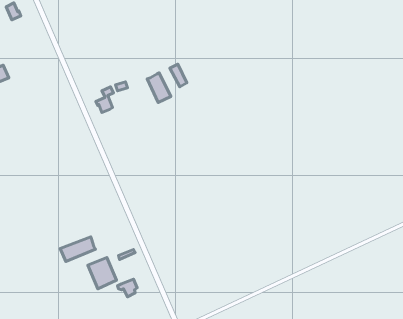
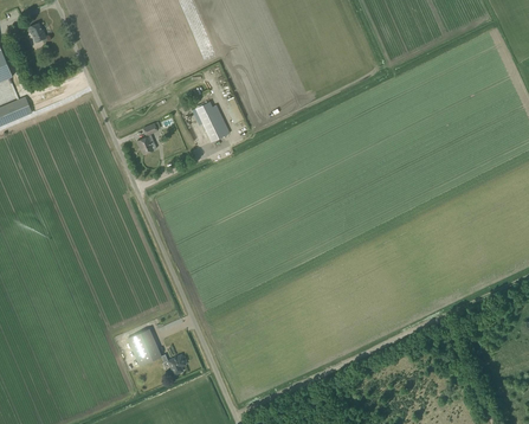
building: [60,237,95,262] -> none

